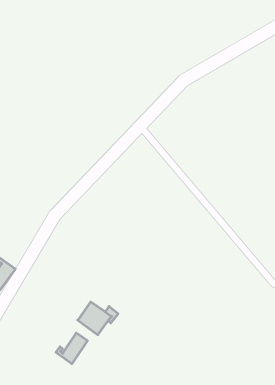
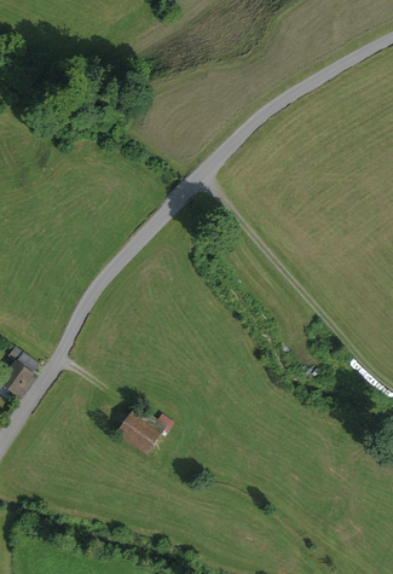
building: [56,333,87,364] -> none

